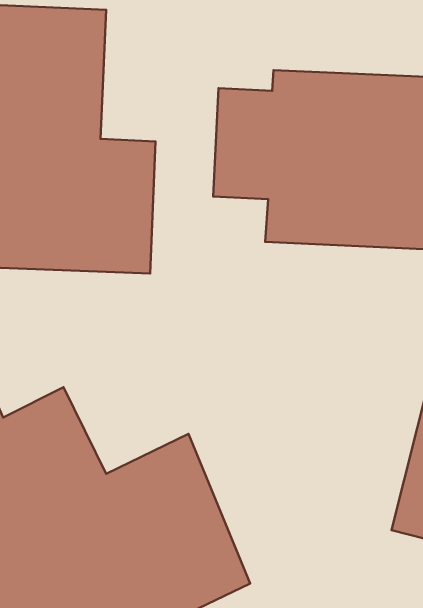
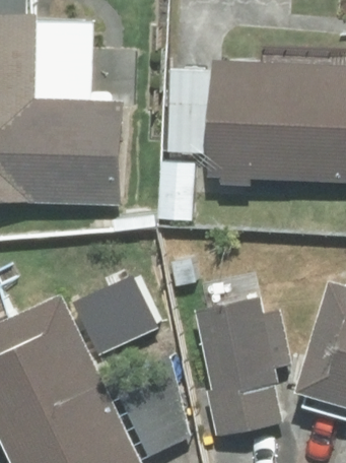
building: none -> [195,295,295,435]

